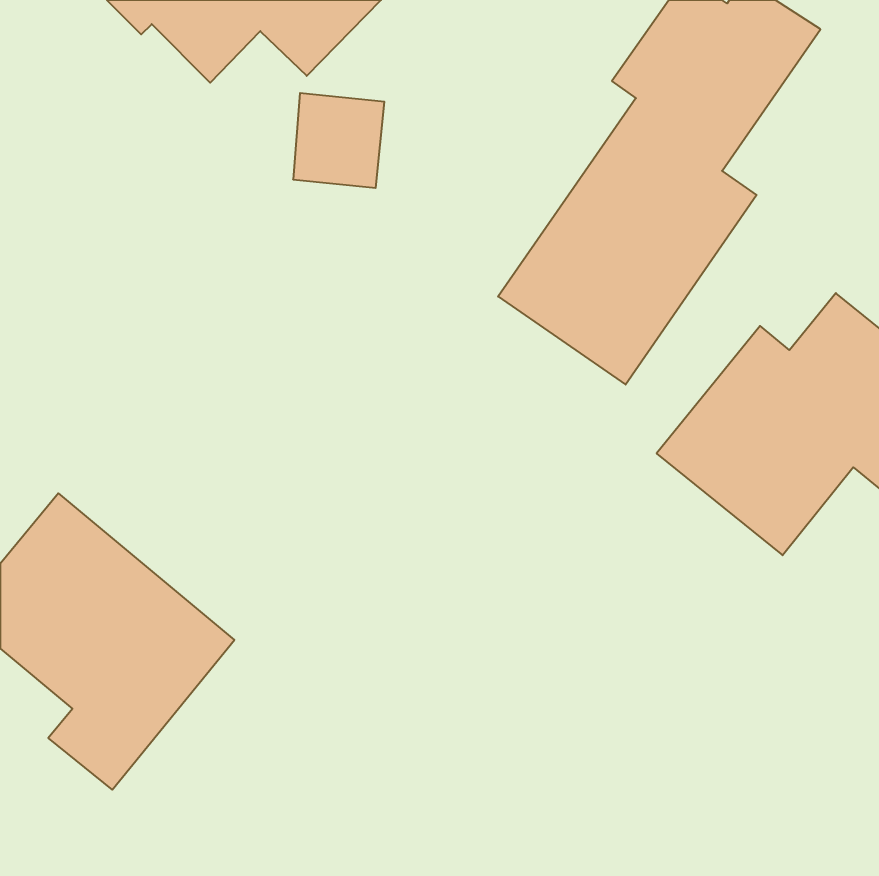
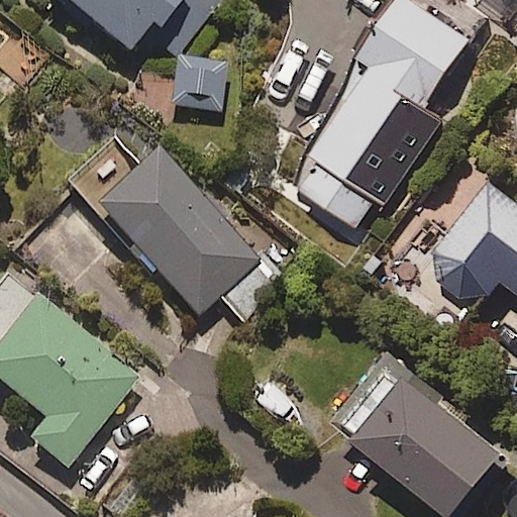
building: none -> [67,135,288,324]
building: none -> [352,361,504,508]

